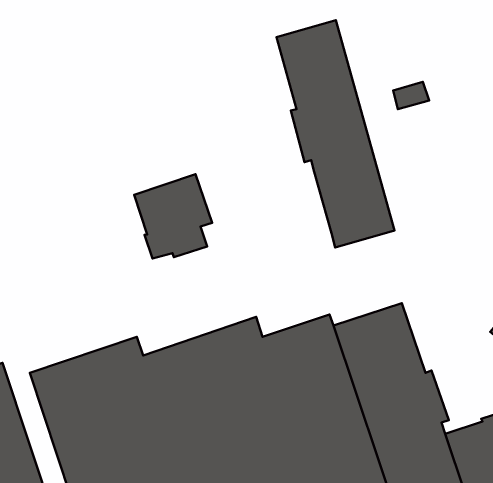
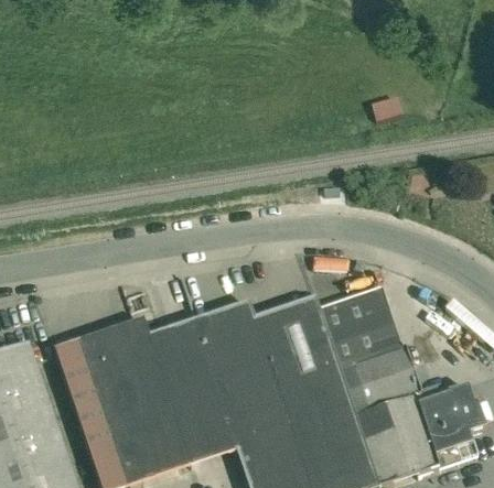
building: [276,20,395,248] -> none
building: [134,174,212,259] -> none

